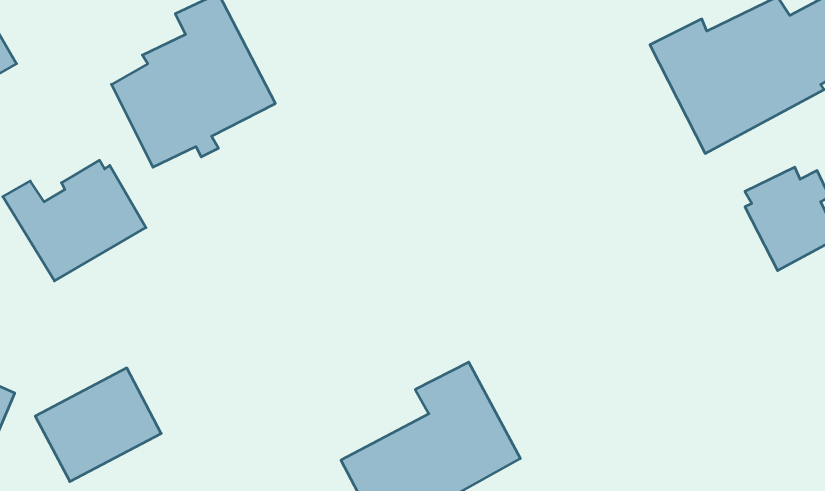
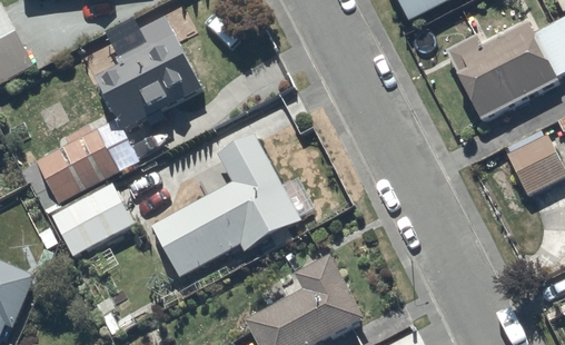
building: none -> [152,132,300,275]
building: [35,368,161,482] -> [53,184,135,257]

